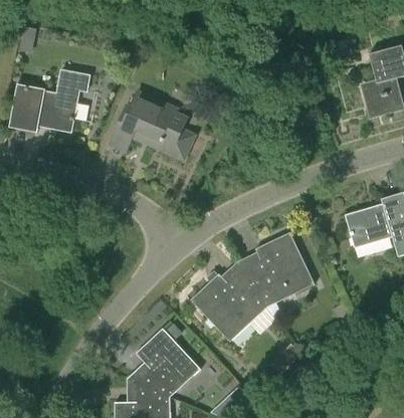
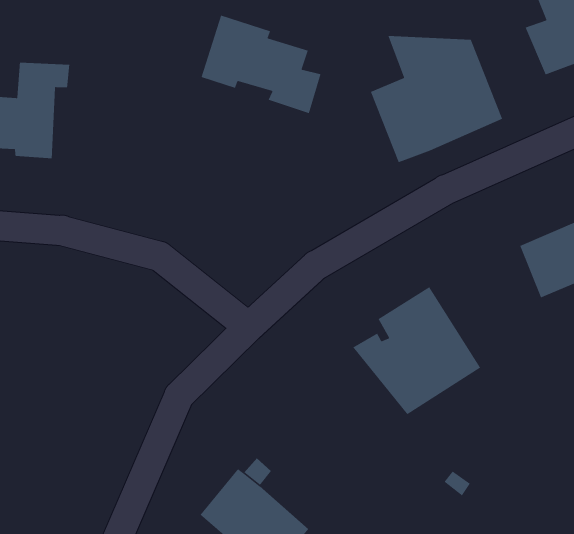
building: none -> [370,35,503,163]
building: [121,92,193,158] -> [201,15,322,114]
building: [190,263,266,341] -> none

